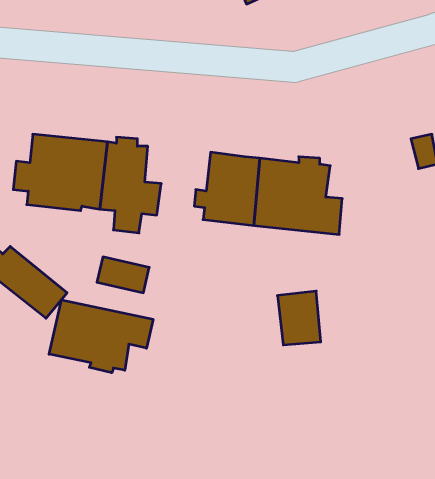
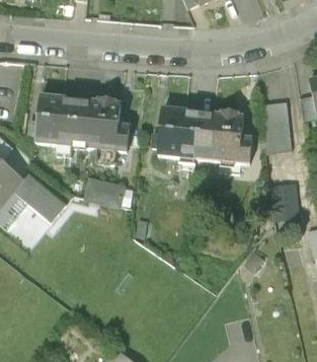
building: none -> [260,101,292,153]
building: [277,291,321,345] -> [269,183,299,219]
building: [49,300,153,373] -> none

